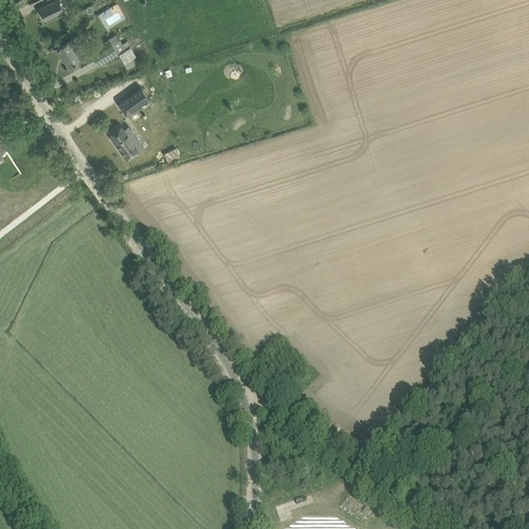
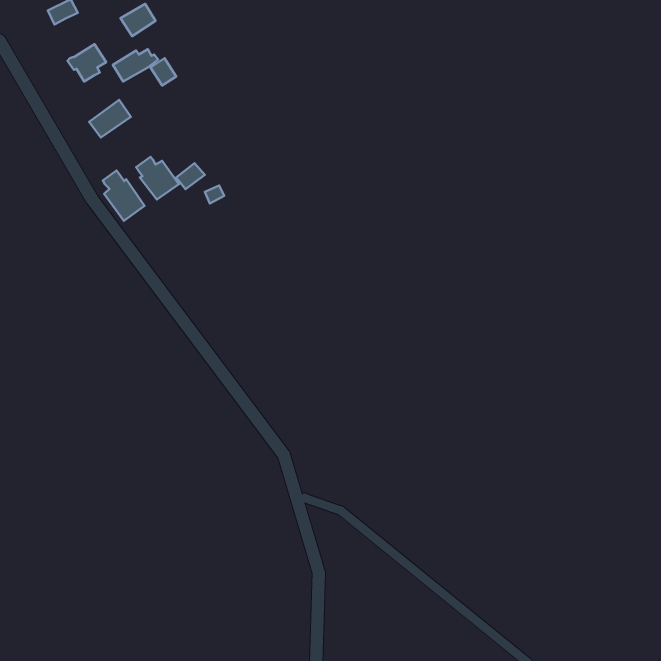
building: [116,87,149,117] -> [89,100,131,137]
building: none -> [103,171,144,221]

